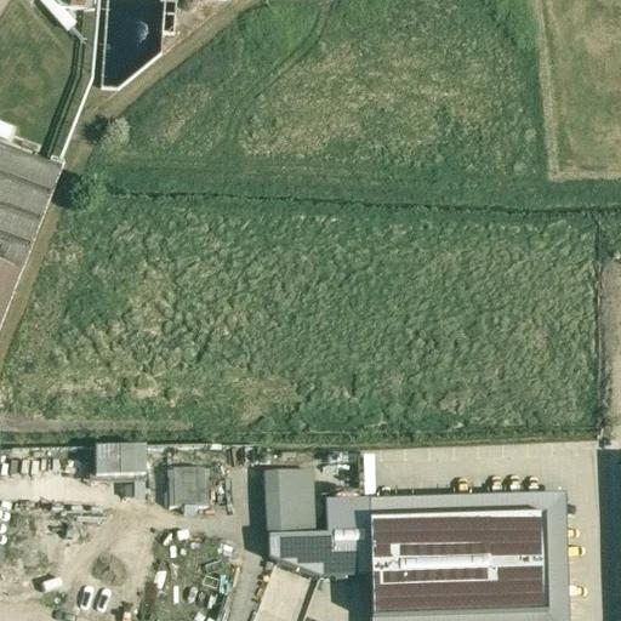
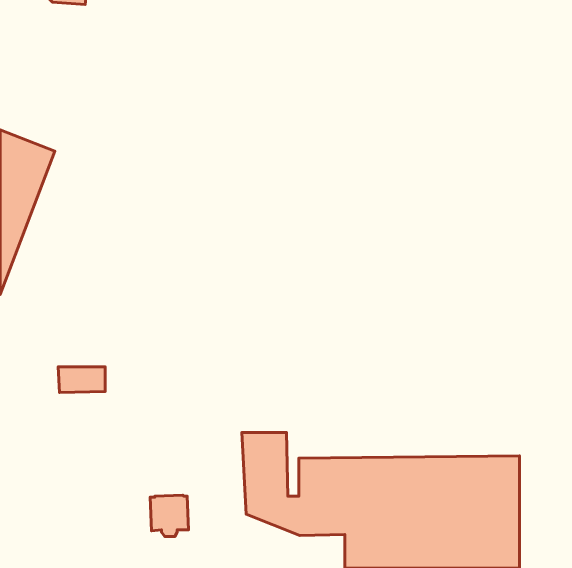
building: [102,445,153,473] -> [58,367,105,393]
building: [167,467,209,512] -> [150,495,188,537]

